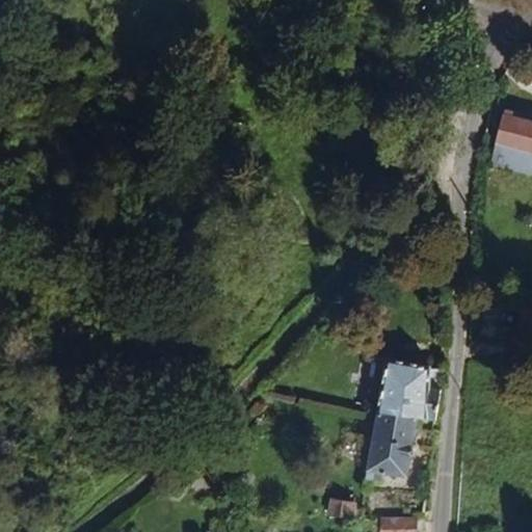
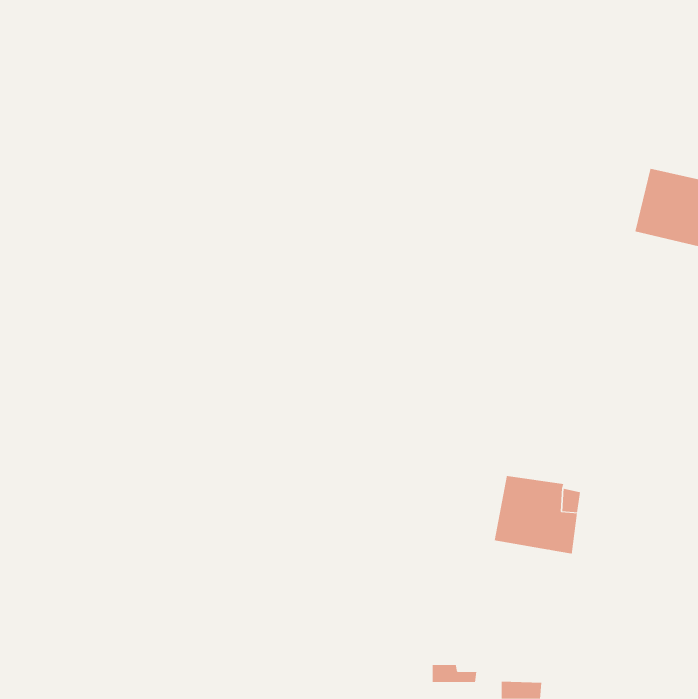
building: [365,407,419,481] -> none

